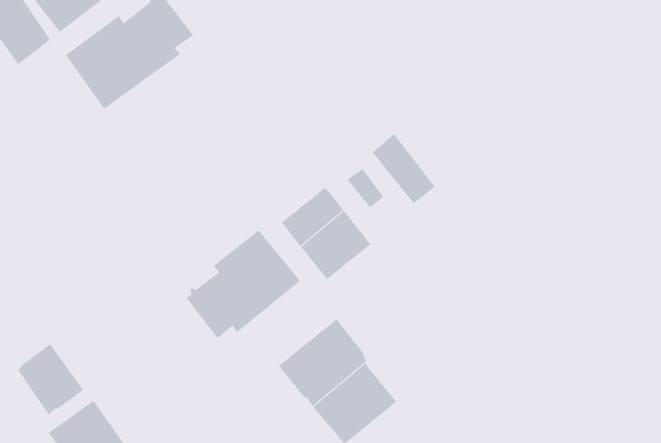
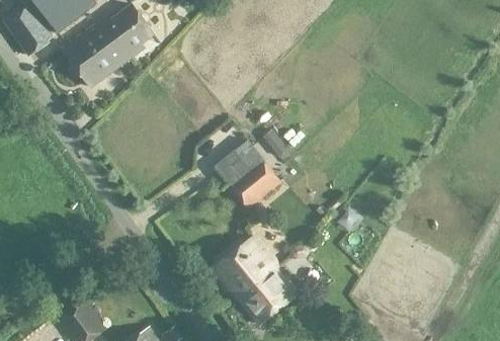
building: [372,133,436,204] -> none
building: [186,230,301,339] -> none
building: [18,344,84,415] -> none

